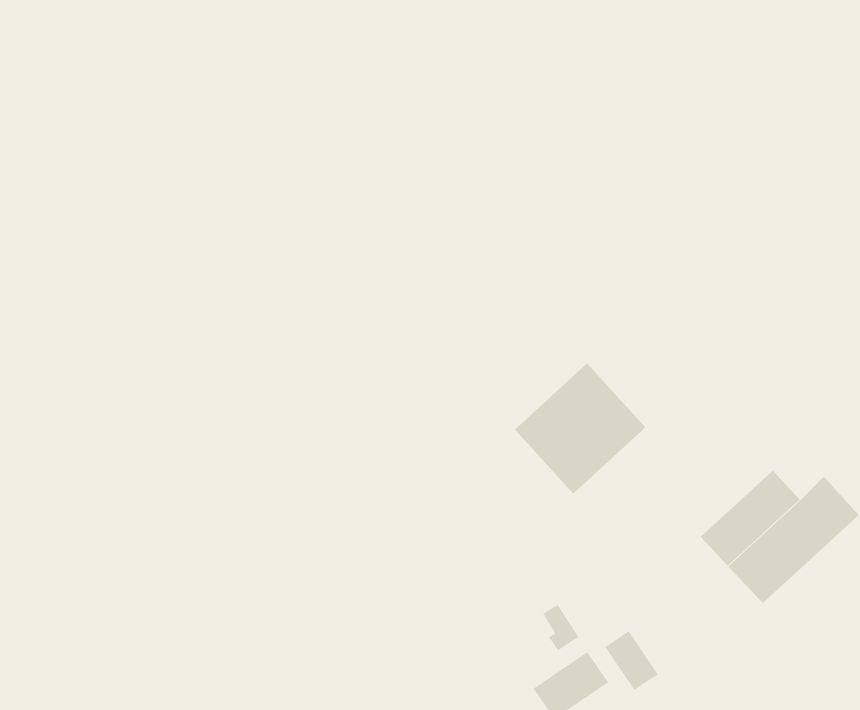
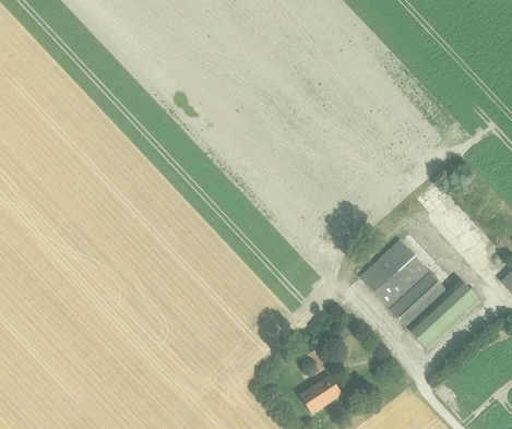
building: [514,363,646,494] -> [360,238,433,311]
building: [604,630,659,691] -> none

